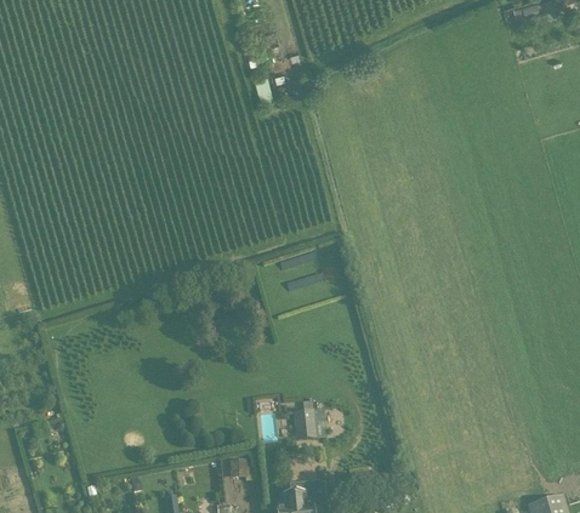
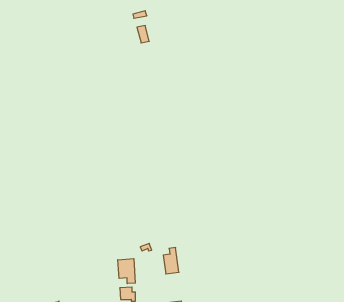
building: none -> [118,259,135,284]

